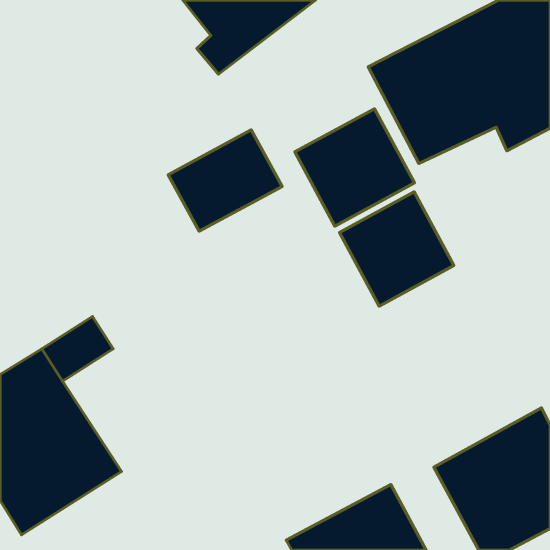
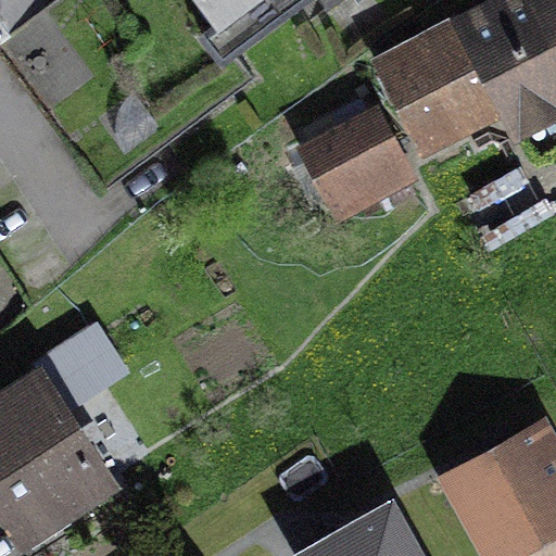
building: [168,130,282,231] -> none
building: [339,192,454,306] -> none

